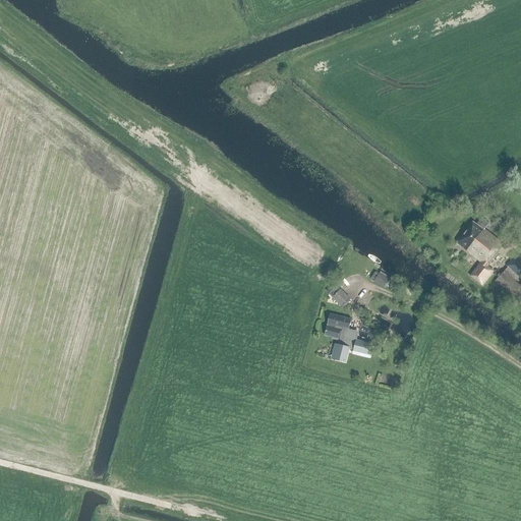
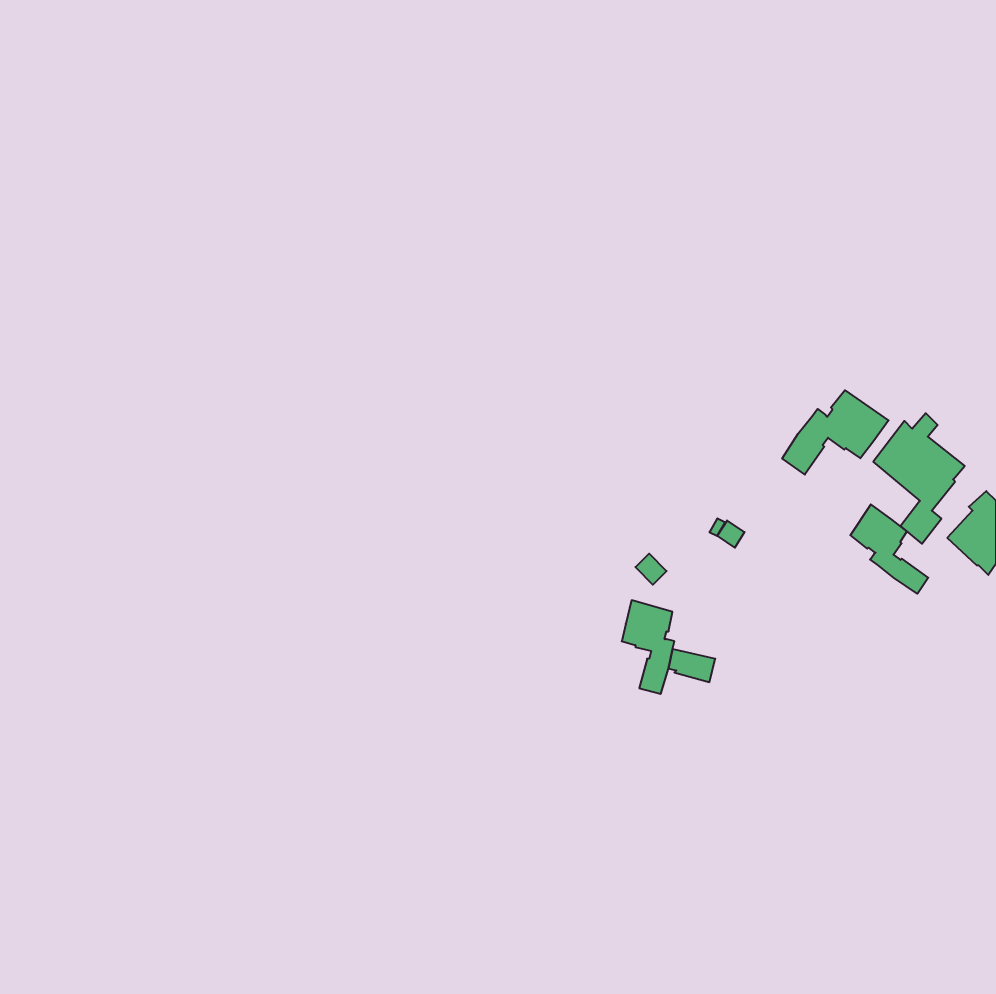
building: none -> [782,390,889,475]
building: none -> [850,504,928,594]

